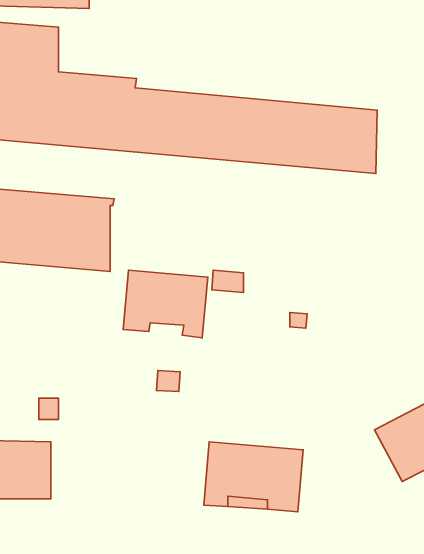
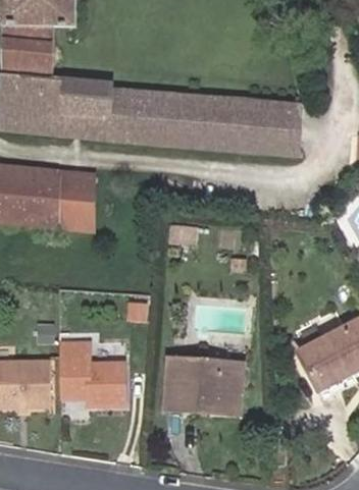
building: [123,270,208,338] -> none
building: none -> [58,341,125,401]

